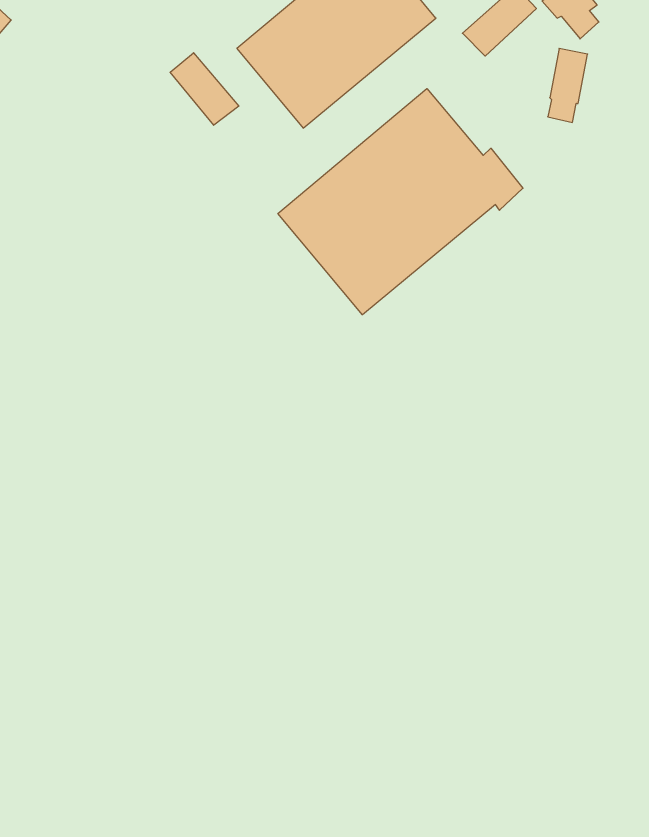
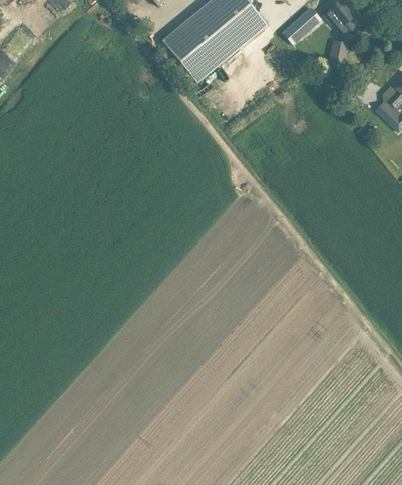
building: [170,53,239,125] -> none
building: [278,89,523,315] -> none

